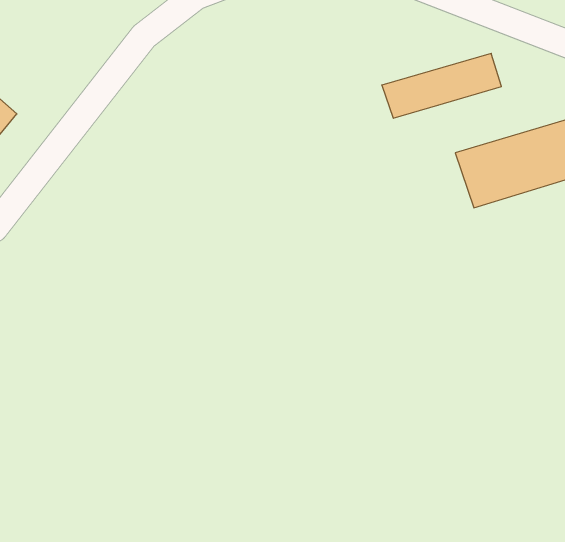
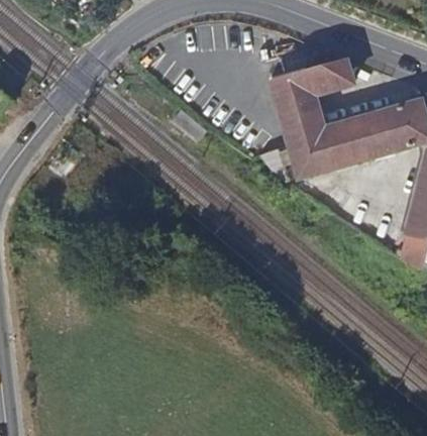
building: none -> [276,96,332,168]

